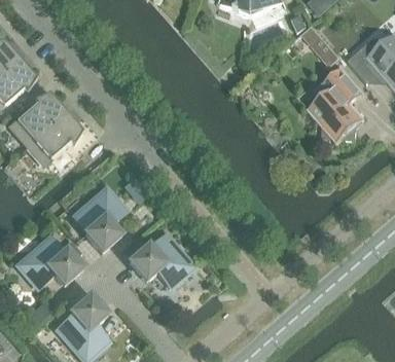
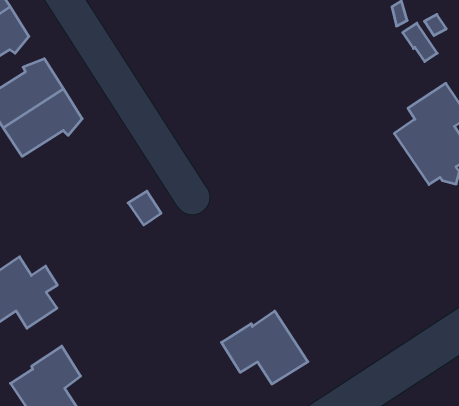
building: [73,188,125,252] -> none
building: [129,233,192,286] -> [221,311,308,384]

